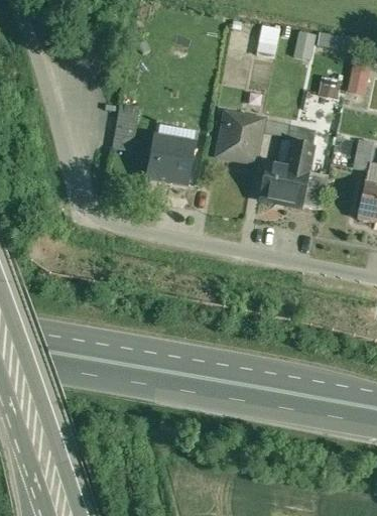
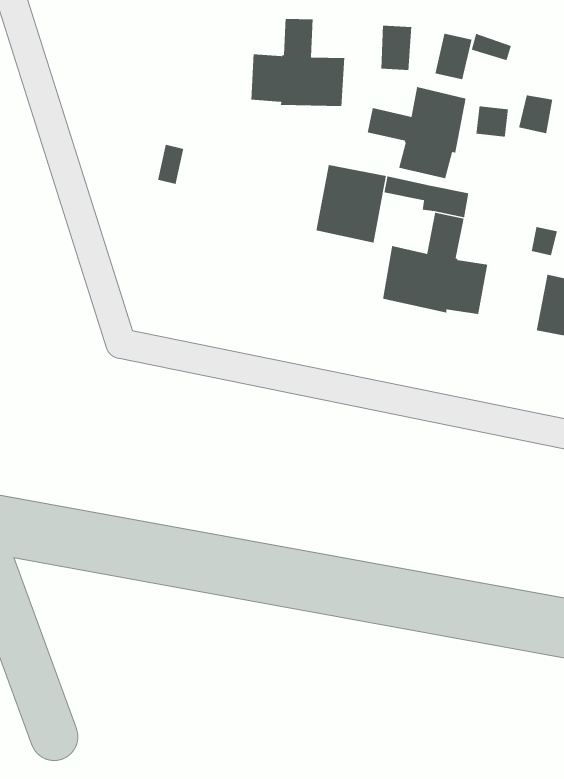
building: none -> [251,18,345,107]
building: none -> [367,86,467,179]
building: [148,137,194,182] -> none

